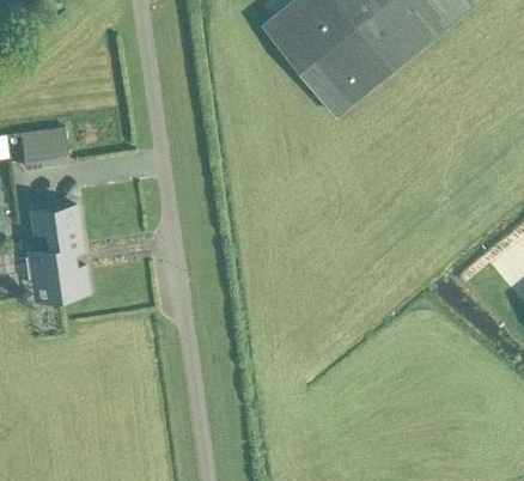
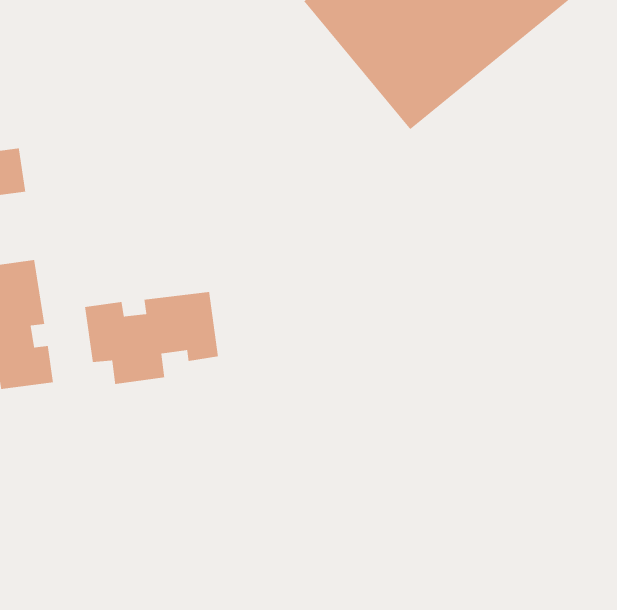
building: none -> [84,291,219,385]

